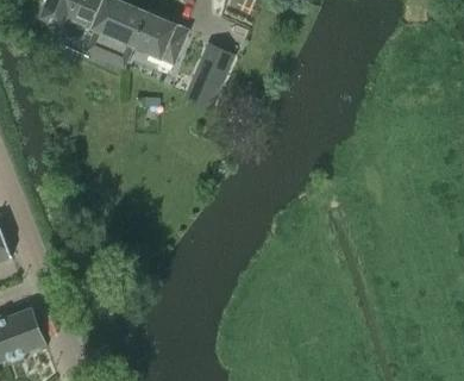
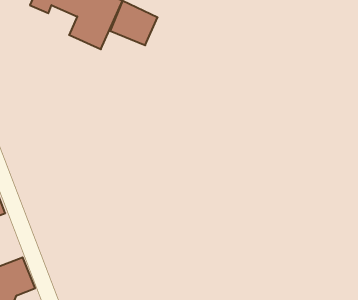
building: [190,44,232,90] -> none

